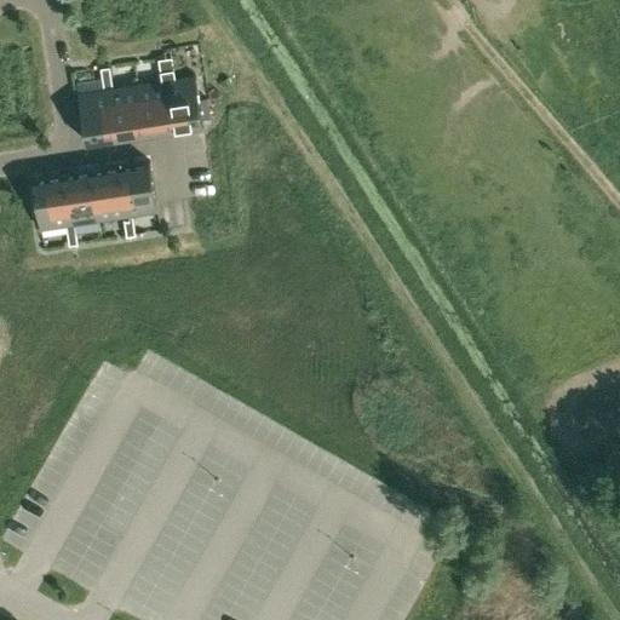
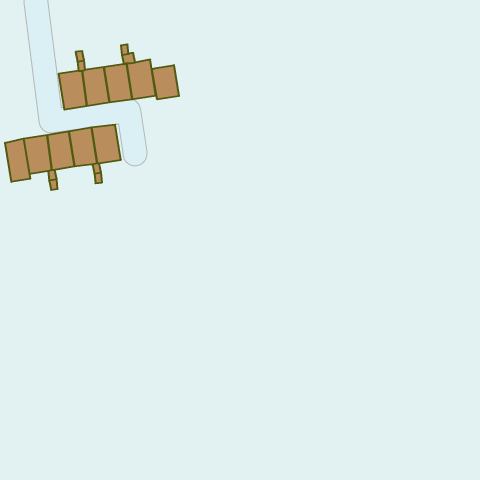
building: none -> [152,65,179,99]
building: none -> [5,139,30,182]

